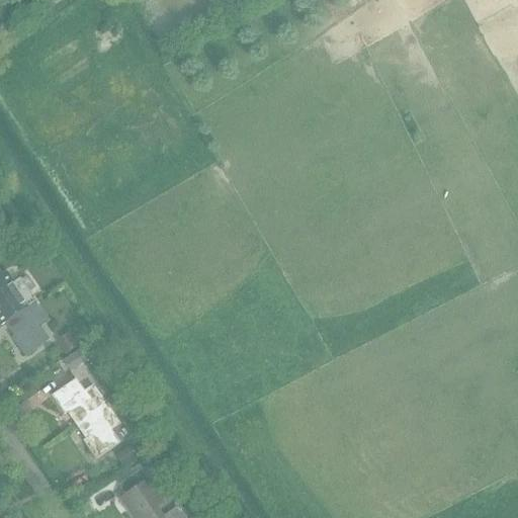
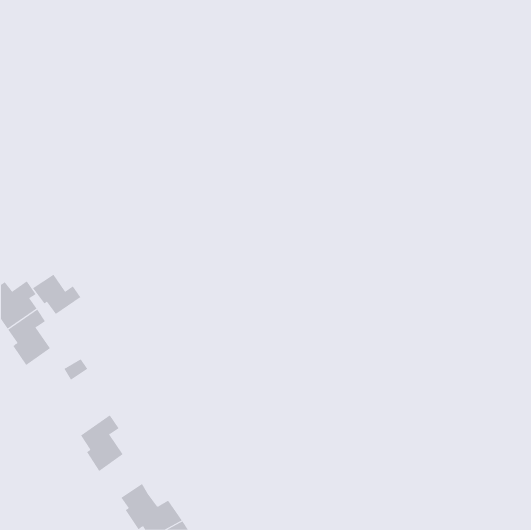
building: none -> [32,274,81,315]
building: [52,377,107,424] -> none

